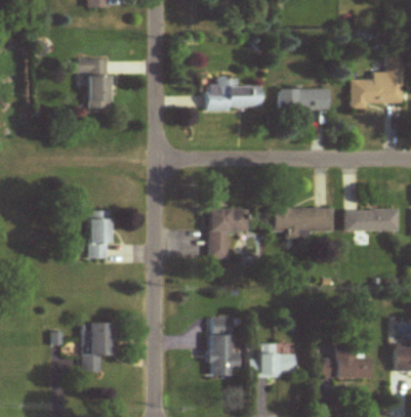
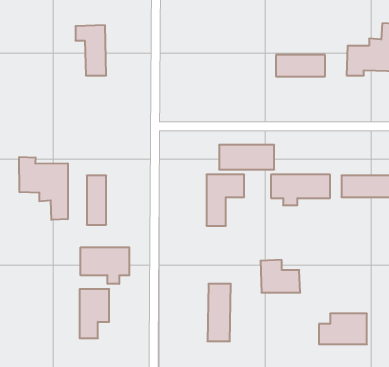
building: [205,85,260,110] -> [219,145,274,169]
building: none -> [19,157,68,220]
building: none -> [81,247,129,284]
building: [255,343,295,376] -> [260,260,300,293]

